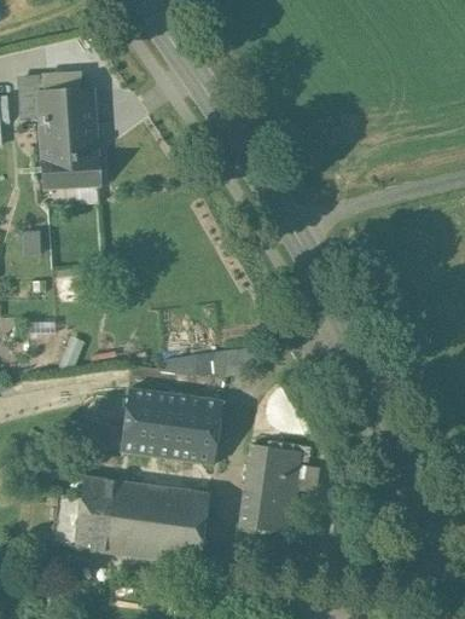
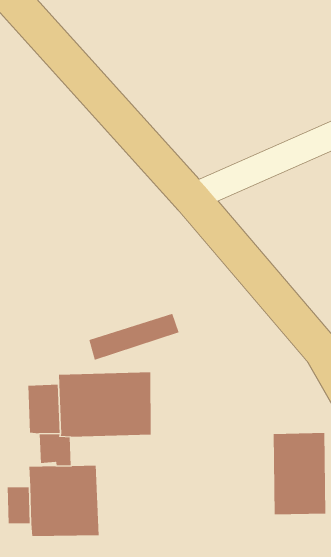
building: [238,444,303,533] -> [273,433,326,515]
building: [144,486,209,565] -> none

